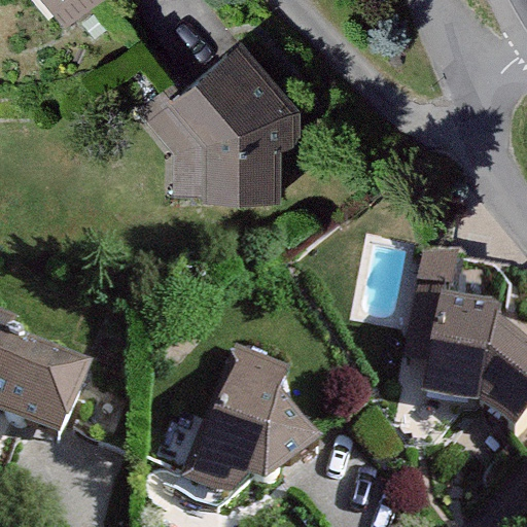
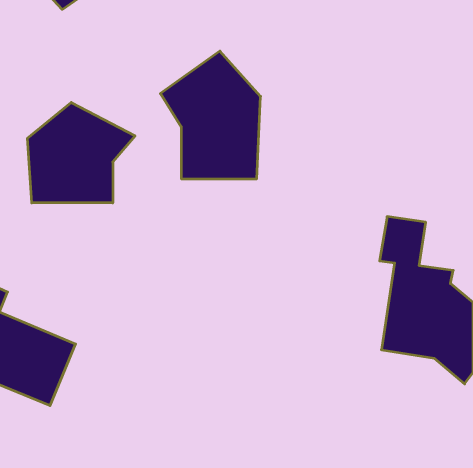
building: none -> [28,102,135,203]
building: [195,353,310,500] -> none

